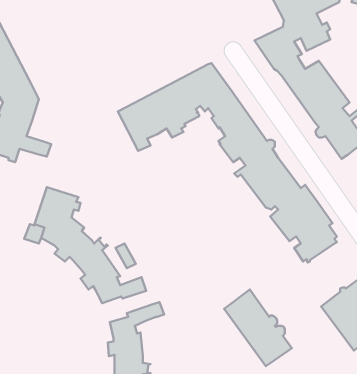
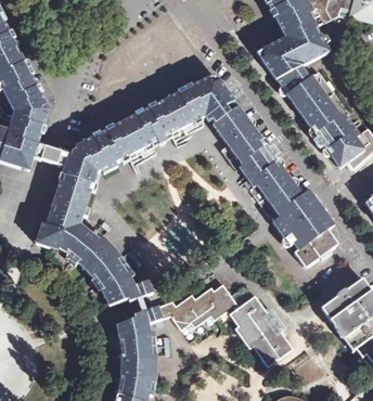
building: none -> [57,119,145,202]
building: none -> [166,283,253,327]

